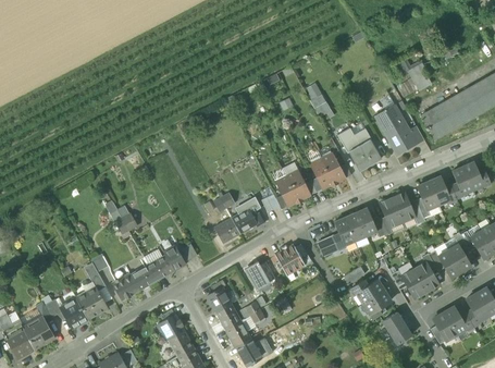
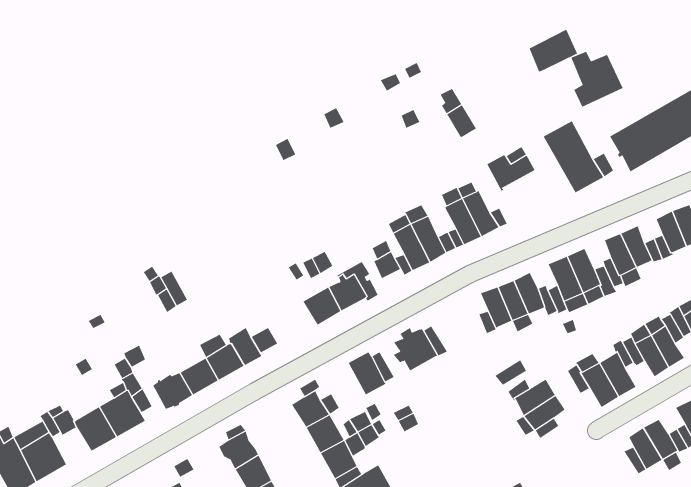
building: none -> [529,29,578,72]
building: [348,138,381,170] -> none
building: [382,311,411,344] -> none

